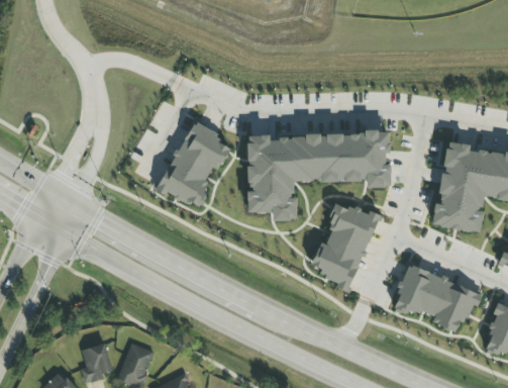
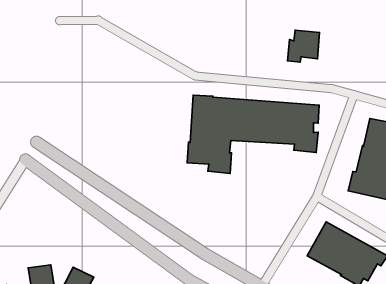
building: none -> [288,30,319,62]
building: [157,120,230,207] -> none
building: [308,203,380,288] -> none

